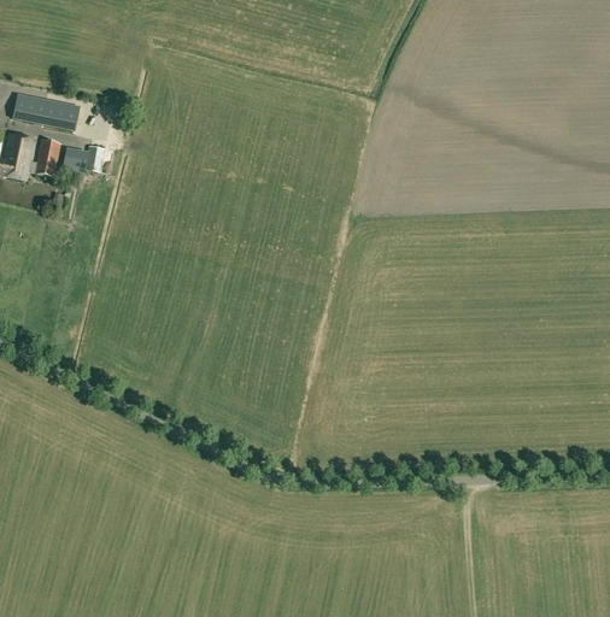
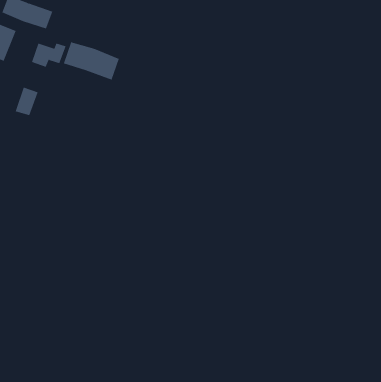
building: [34,136,60,172] -> [15,87,38,116]
building: none -> [63,42,120,81]

